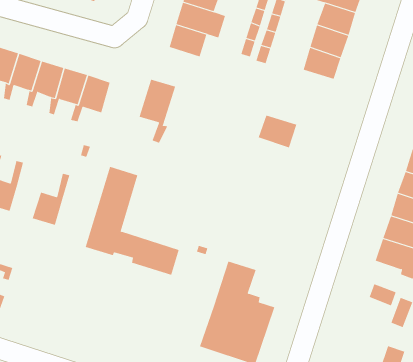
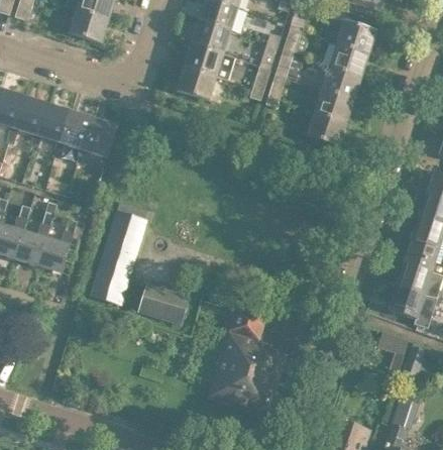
building: [139,79,176,144] -> none
building: [258,115,297,148] -> [306,112,346,146]
building: none -> [14,210,52,264]

